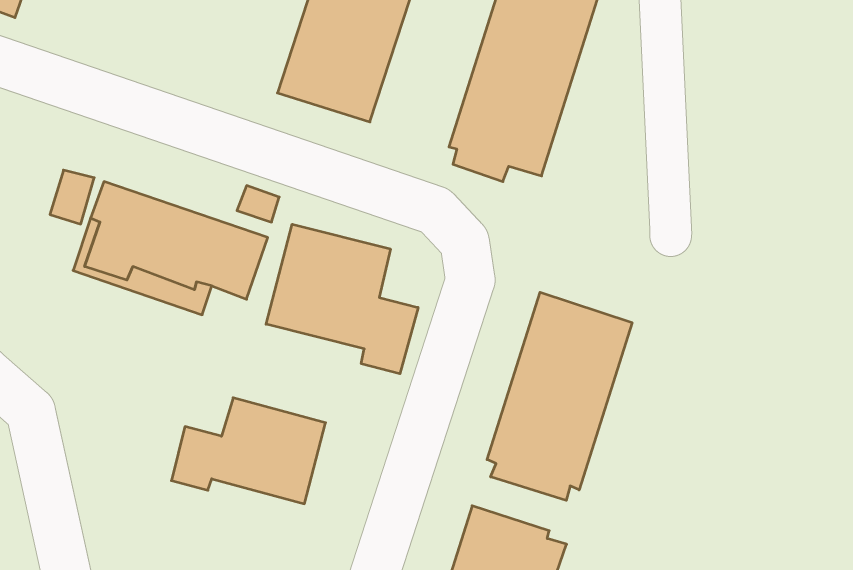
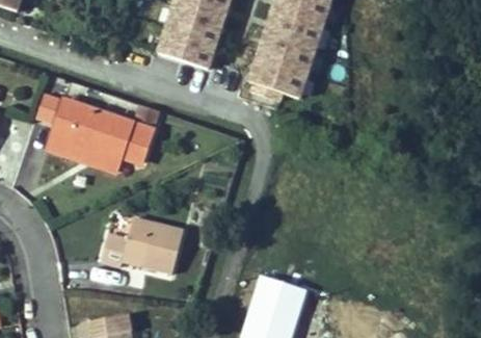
building: [266,224,418,374] -> none
building: [487,292,632,500] -> none

